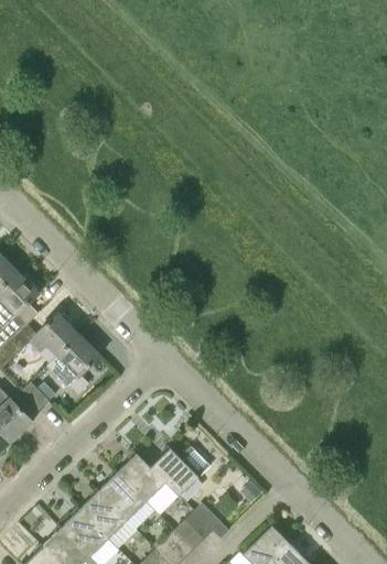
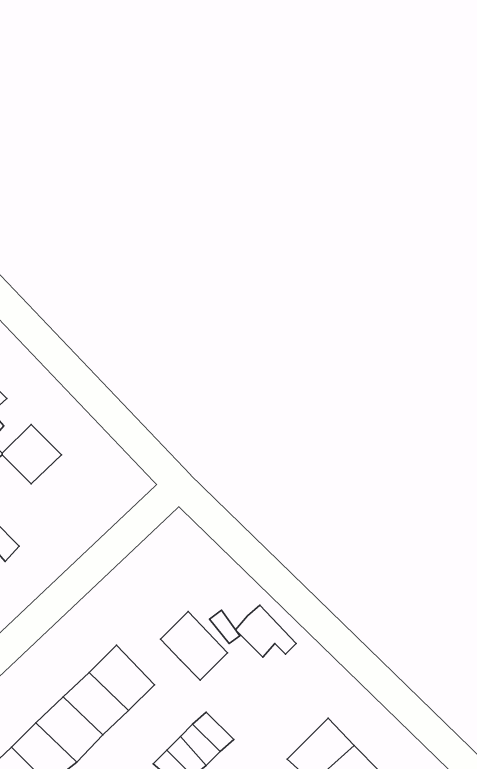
building: [47,335,99,387] -> none
building: [119,454,165,501] -> none
building: [184,503,228,541] -> [235,605,296,657]

